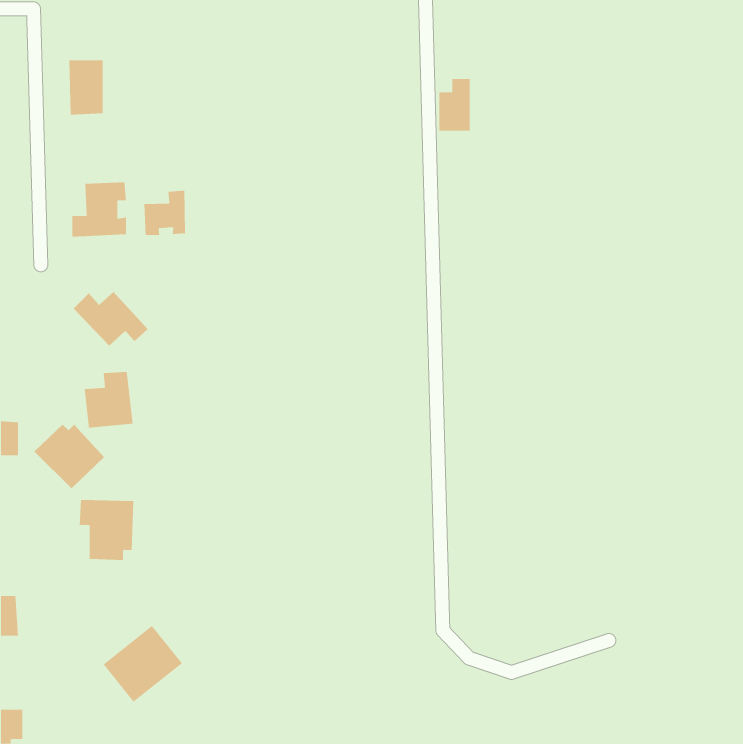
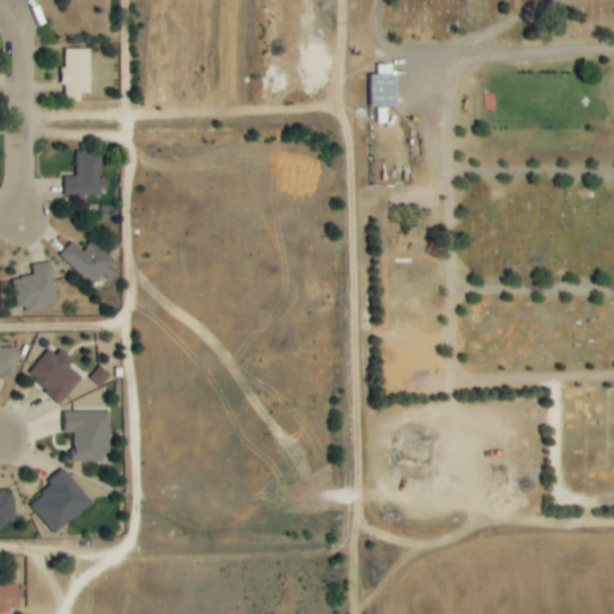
building: [144,190,186,236] -> none
building: [84,371,133,428] -> [17,263,58,309]
building: [103,625,183,702] -> [29,469,95,532]

